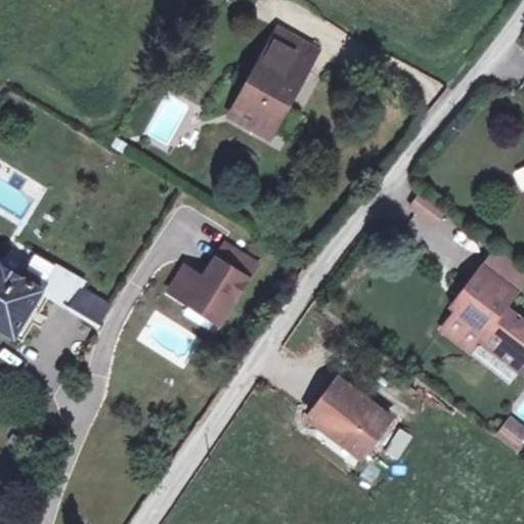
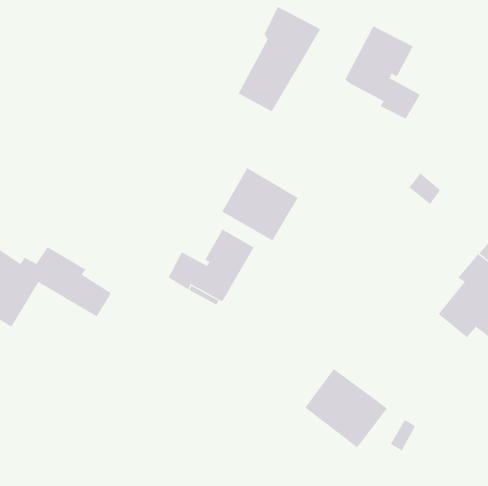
building: none -> [345,25,421,119]
building: none -> [221,167,299,241]

